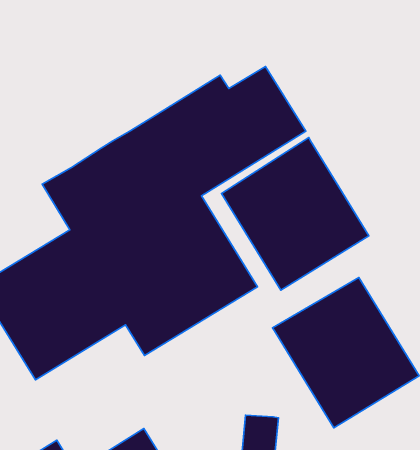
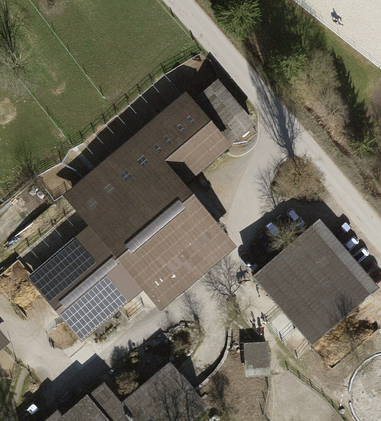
building: [222,138,369,290] -> none

